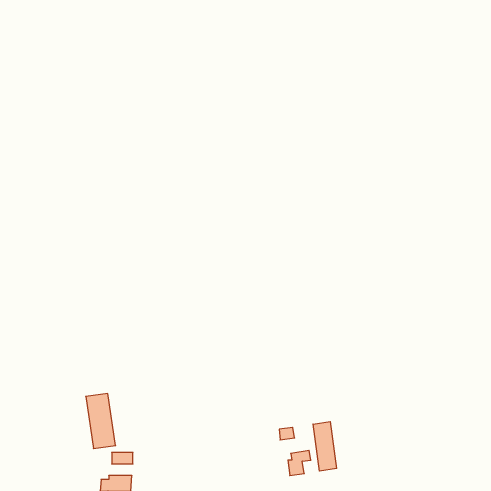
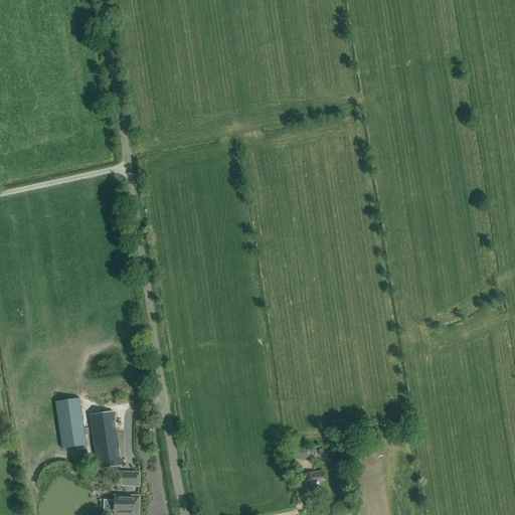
building: none -> [56,397,87,448]
building: [313,422,337,471] -> none

